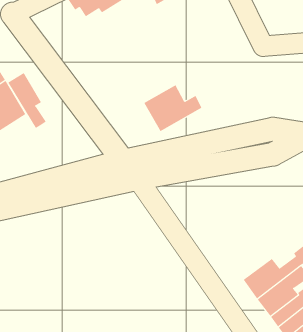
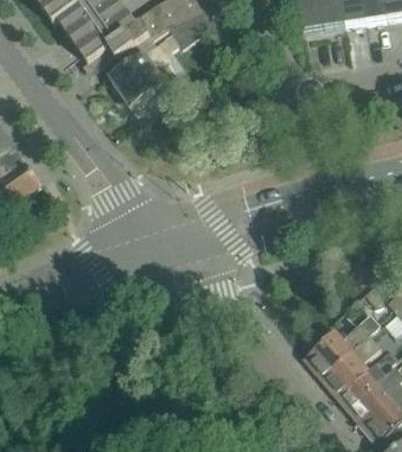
building: [7,72,46,129] -> none
building: [144,84,202,132] -> [108,49,176,104]

